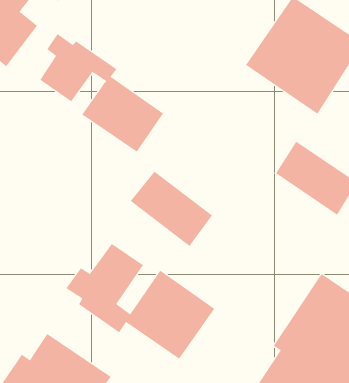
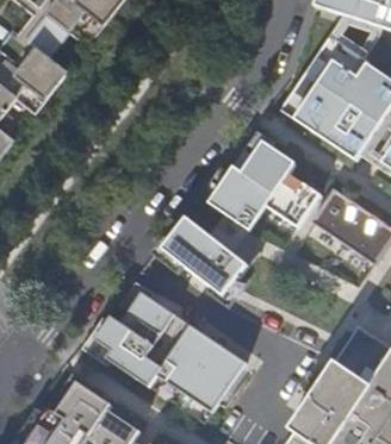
building: [40,33,164,153] -> none
building: none -> [210,143,321,229]

